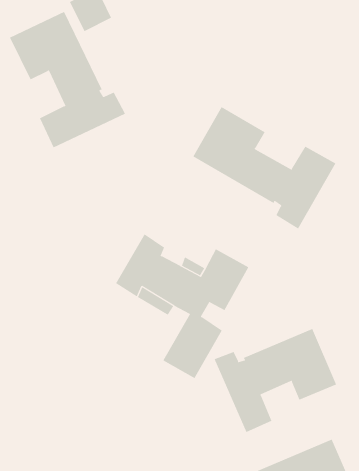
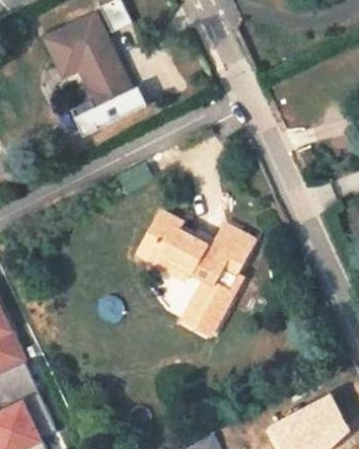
building: [192,106,336,229] -> none
building: [214,328,337,433] -> none

